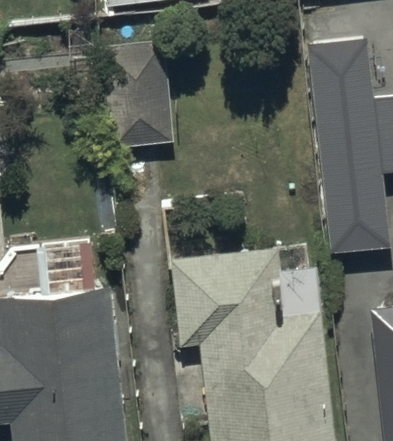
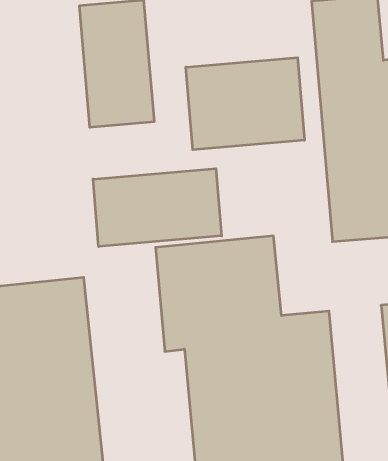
building: none -> [186,58,304,150]
building: none -> [93,169,222,247]

